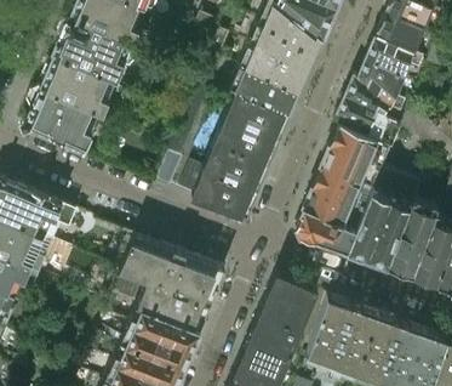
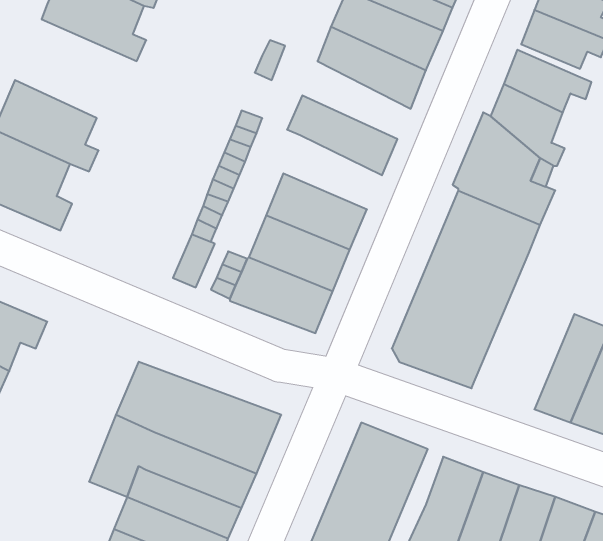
building: [52,18,136,85] -> none
building: [238,46,307,96] -> none
building: [225,93,288,141] -> none
building: [345,169,419,268] -> none

